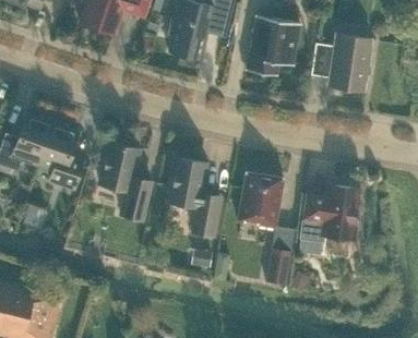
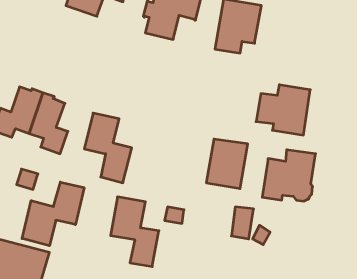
building: [311,34,372,90] -> [256,85,310,135]
building: [168,158,223,237] -> [111,197,159,267]
building: none -> [22,182,84,246]

